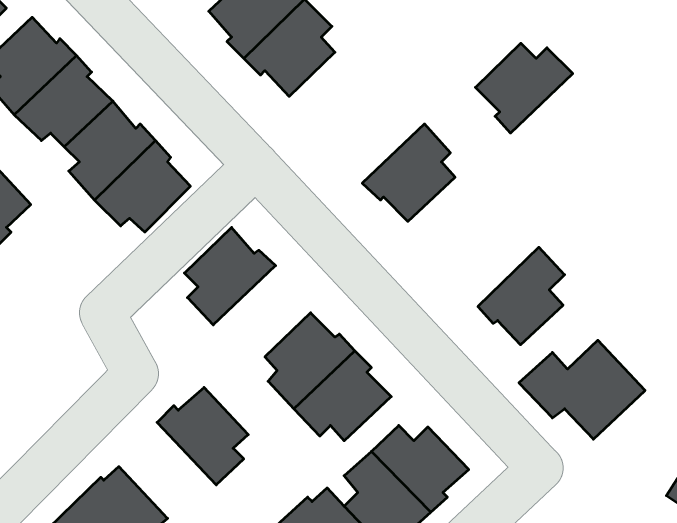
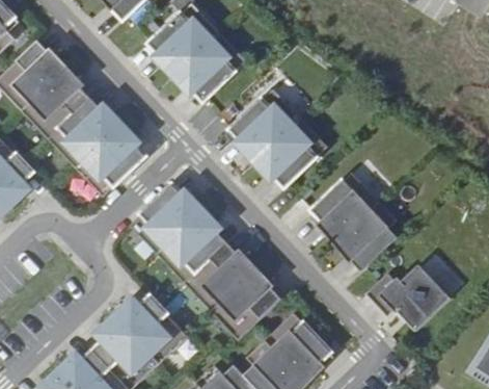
building: [475,43,573,133] -> [236,94,302,155]
building: none -> [314,180,380,239]
building: none -> [158,211,224,274]
building: none -> [93,318,160,381]

